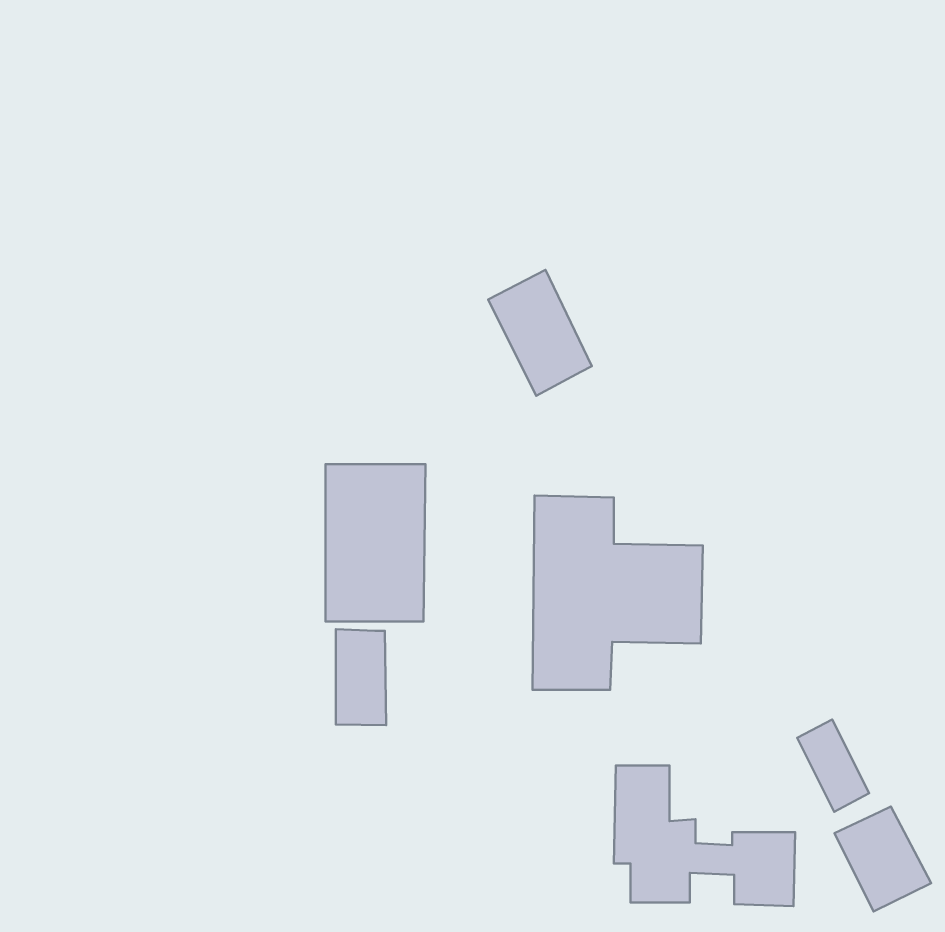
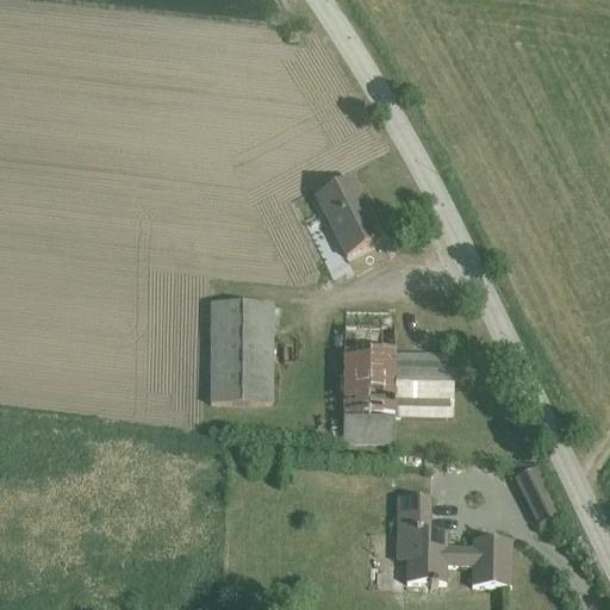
building: [336,629,386,725] -> none
building: [834,806,931,911] -> none

